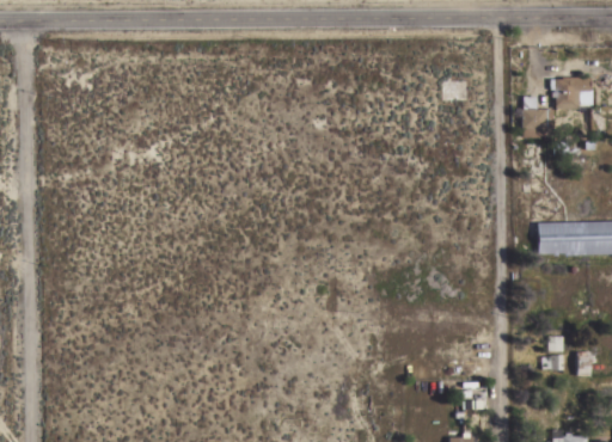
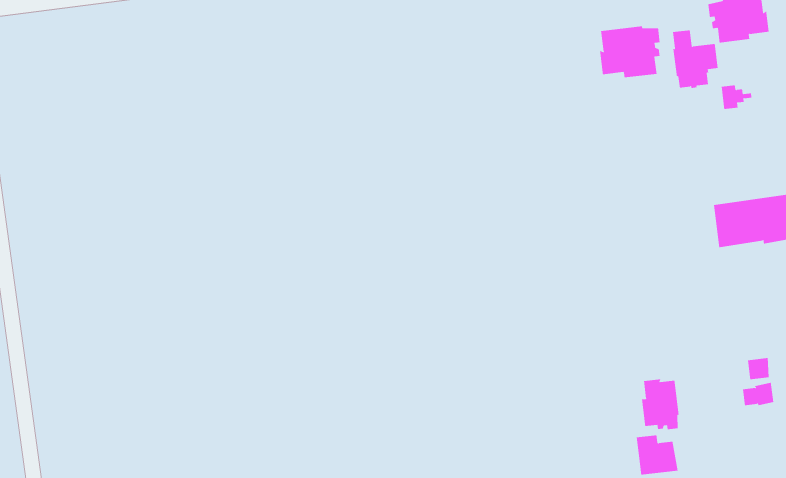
building: none -> [600,25,660,78]
building: none -> [642,378,679,430]

